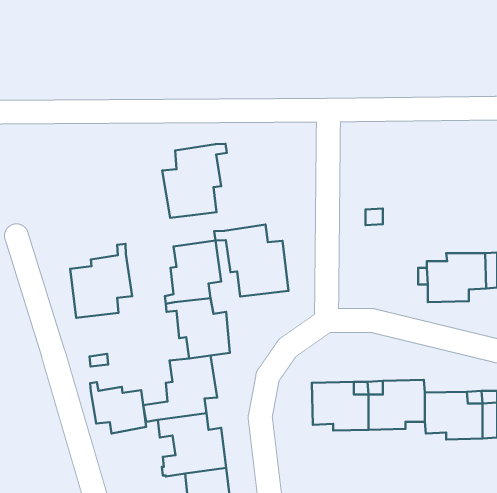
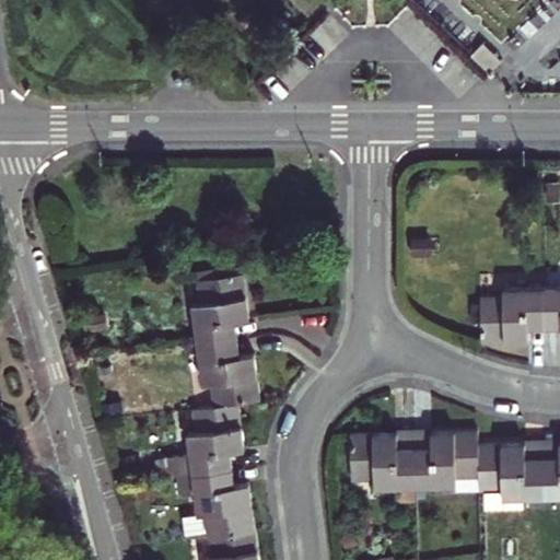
building: [162,144,227,218] -> none
building: [214,224,288,297] -> none
building: [70,244,132,318] -> none
building: [90,382,146,434] -> none

